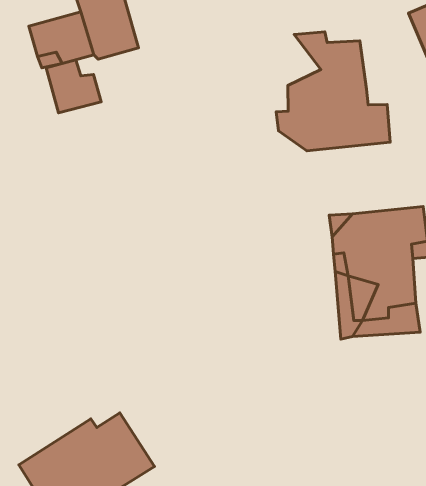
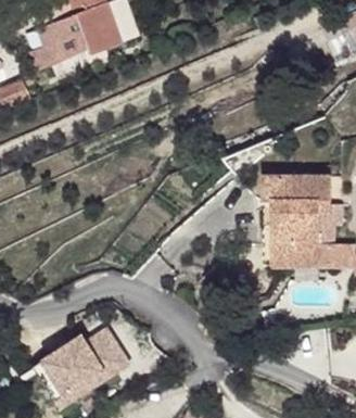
building: [276,32,390,151] -> none
building: [46,60,101,113] -> none

